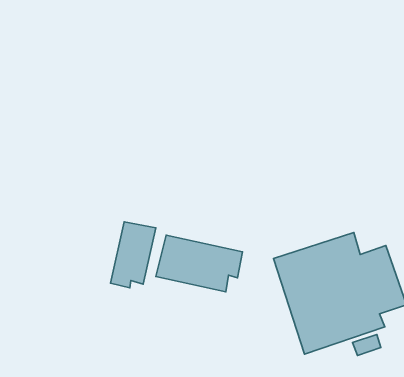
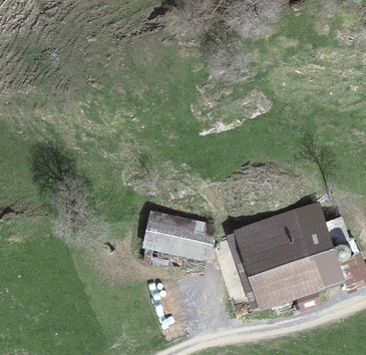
building: [110,222,156,288] -> none

